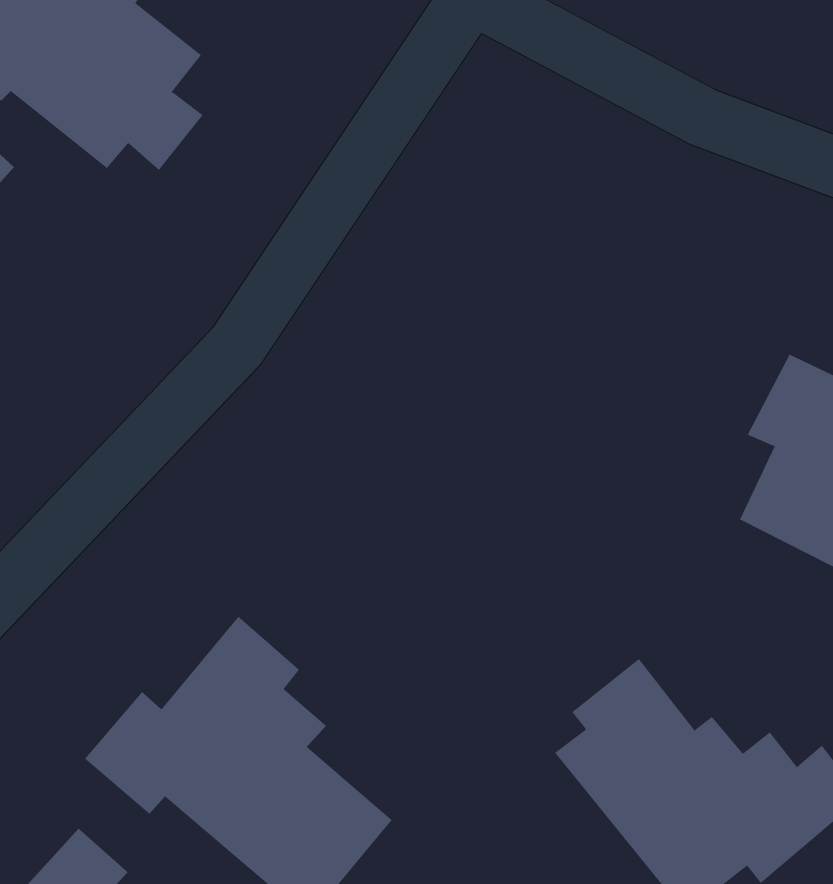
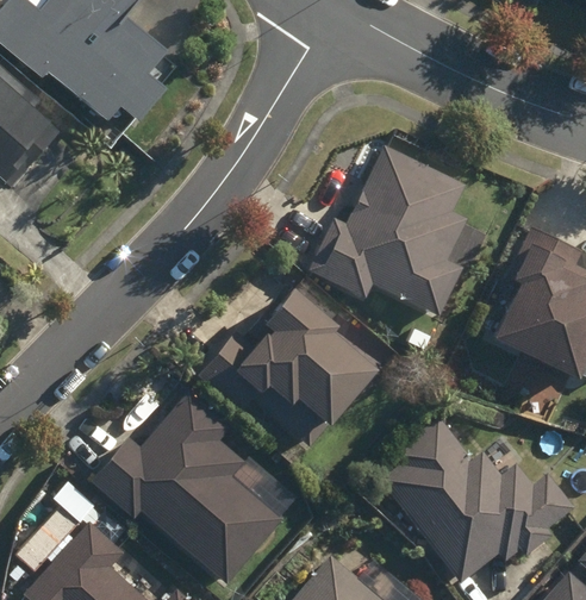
building: none -> [312,148,466,314]
building: none -> [200,287,379,444]

